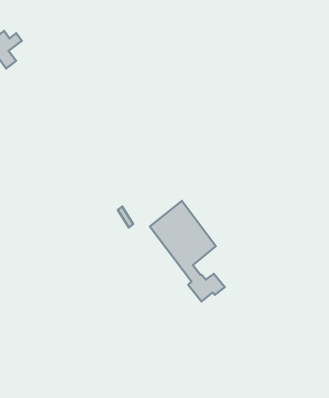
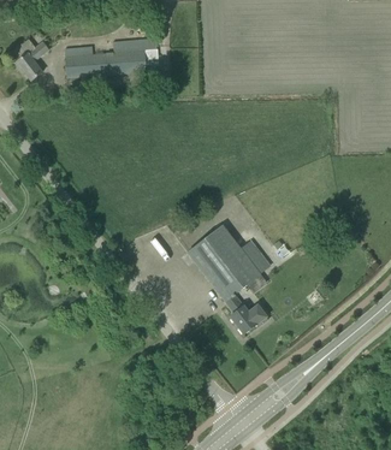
building: none -> [64,37,159,77]

